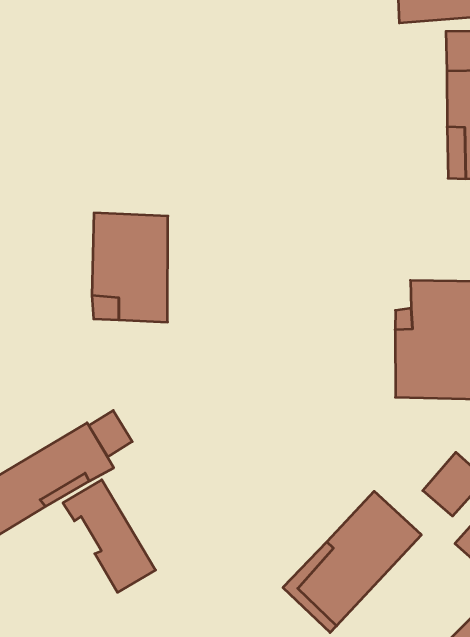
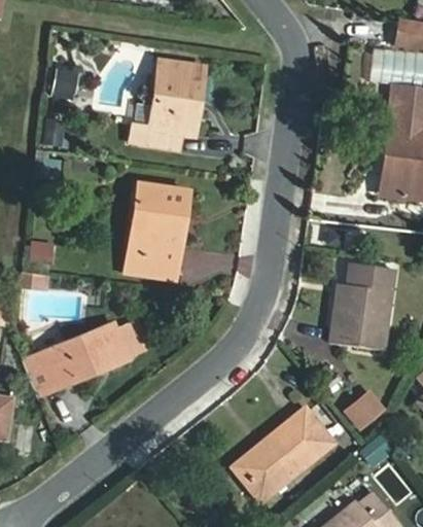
building: none -> [133,62,206,149]
building: [63,480,156,592] -> none

